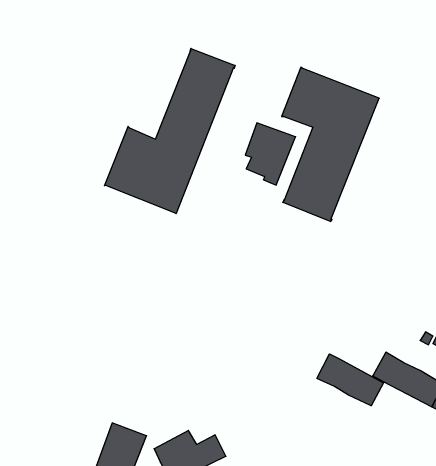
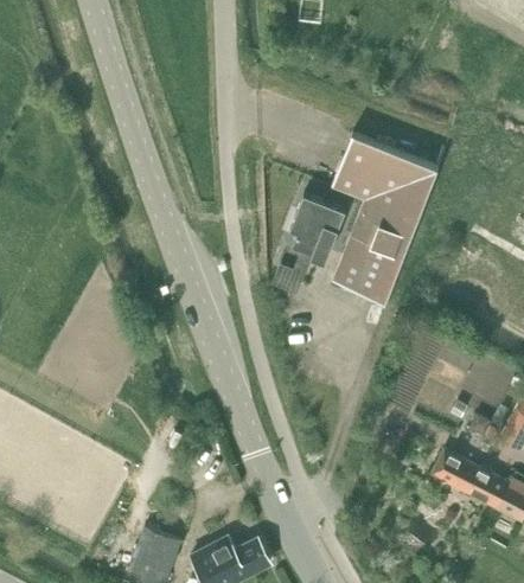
building: [104,48,235,214] -> none
building: [317,354,384,406] -> none

